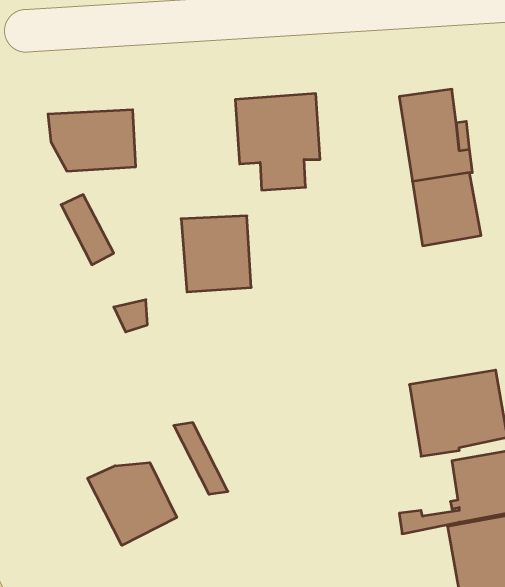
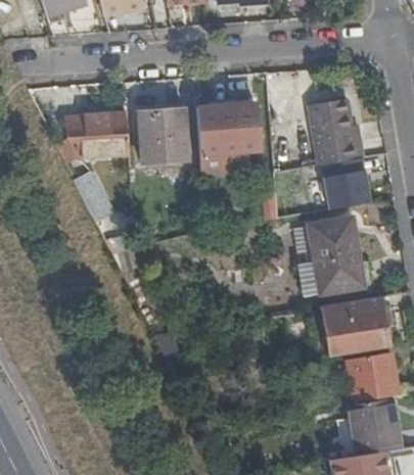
building: [181,216,251,292] -> [137,109,186,162]
building: none -> [300,219,362,296]
building: [88,463,177,545] -> none

